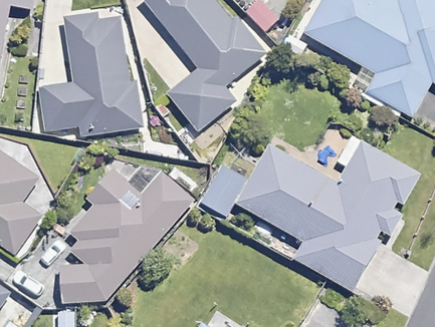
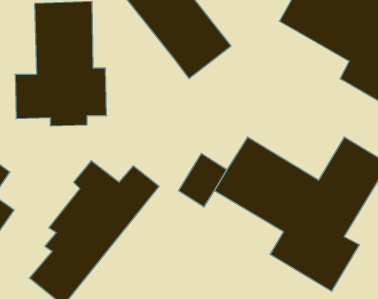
building: [166,68,229,132] -> none

